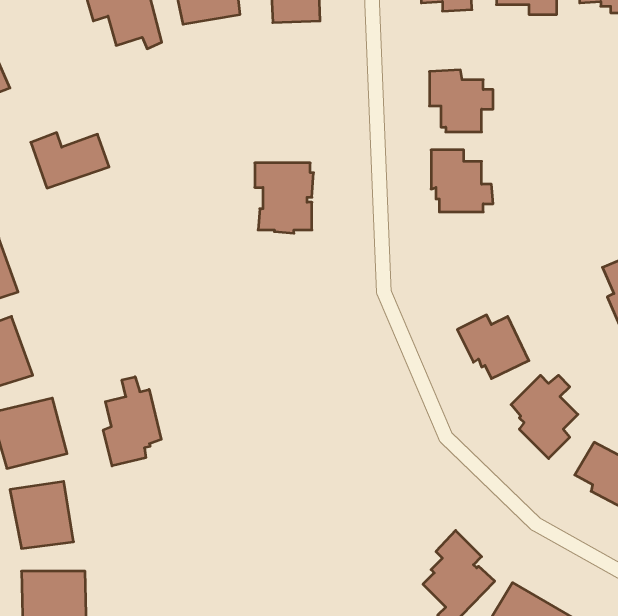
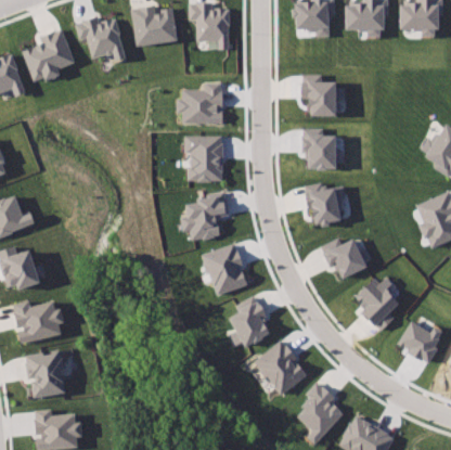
building: none -> [178,85,224,125]
building: [31,133,109,188] -> [27,42,79,79]
building: none -> [304,183,347,229]
building: none -> [182,193,231,242]
building: none -> [202,245,248,297]
building: [103,377,161,466] -> none
building: none -> [230,297,271,349]
building: none -> [255,342,309,396]

